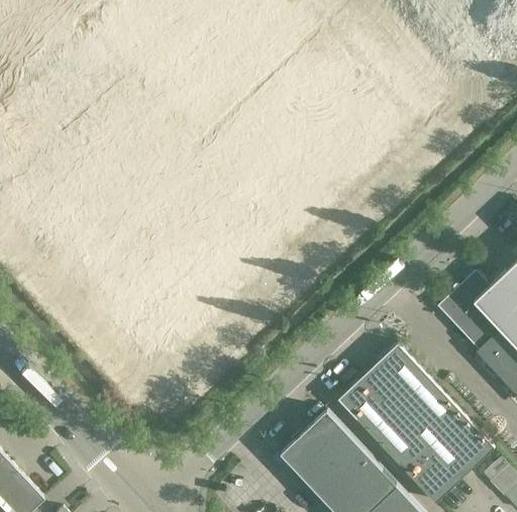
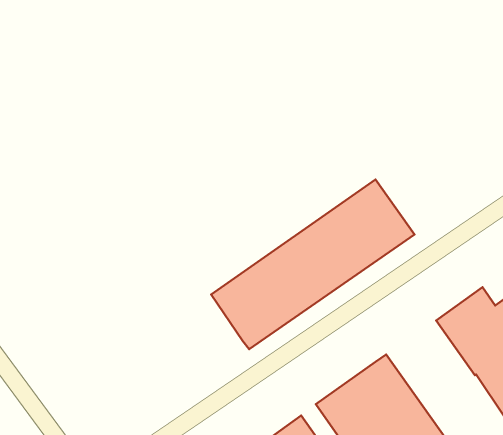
building: none -> [211,180,415,349]

